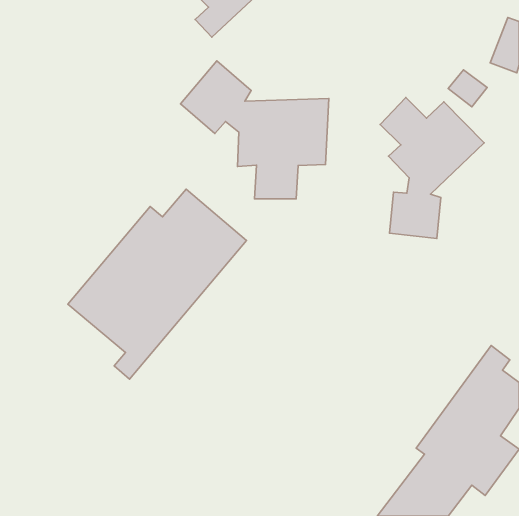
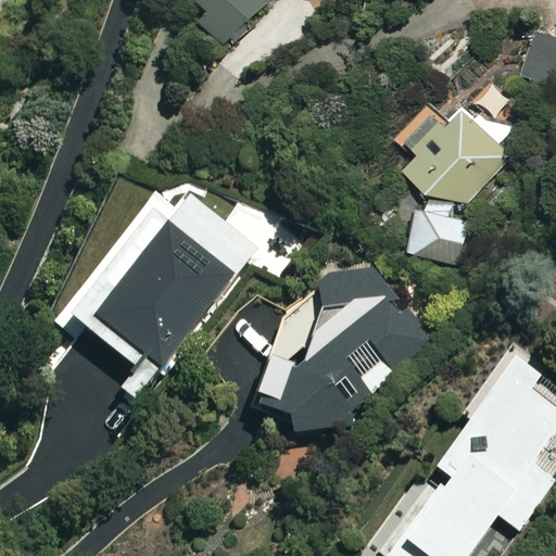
building: [180,61,329,199] -> none
building: none -> [262,267,427,435]

